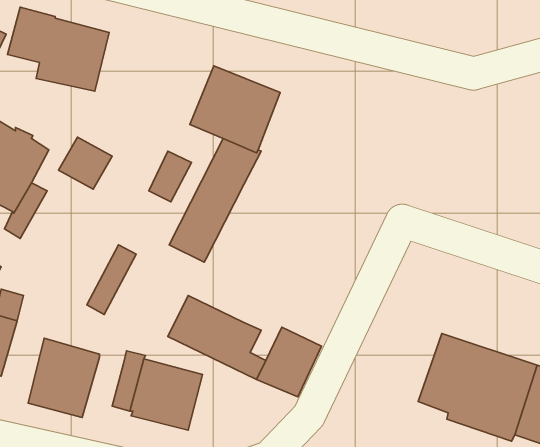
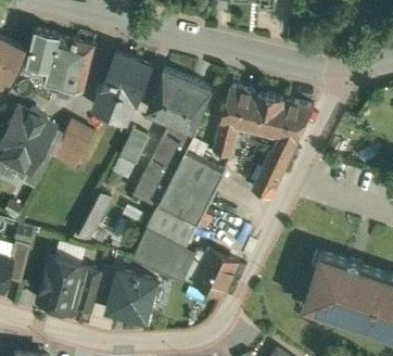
building: none -> [96,53,152,120]
building: none -> [215,87,314,196]
building: none -> [160,152,225,222]
building: none -> [148,207,195,246]
building: none -> [76,270,103,313]

